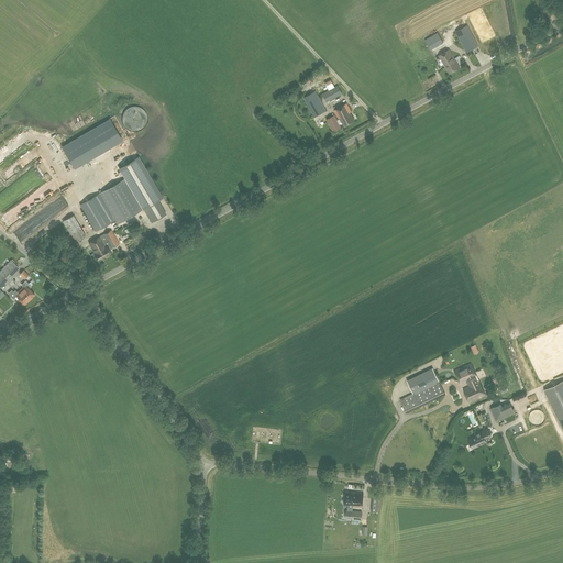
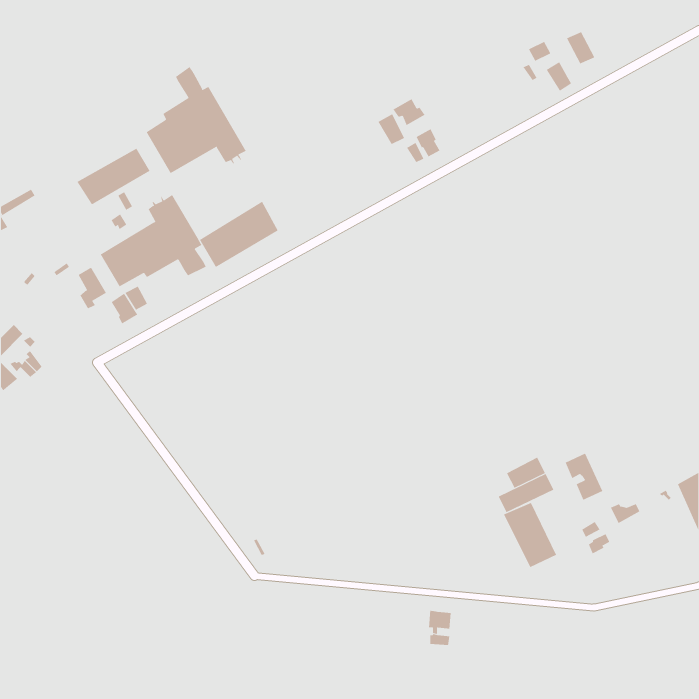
building: none -> [146,66,246,174]
building: none -> [199,201,278,268]
building: none -> [503,502,557,568]

